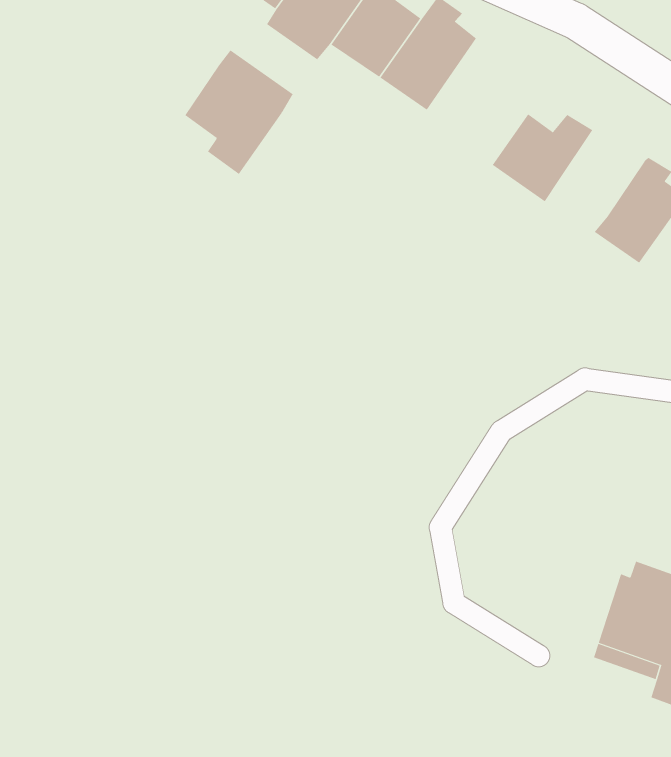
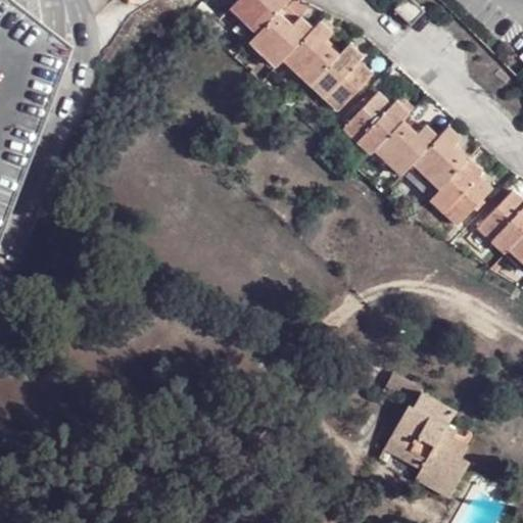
building: [185,50,293,175] -> none
building: none -> [346,89,412,148]
building: none -> [410,126,463,190]

